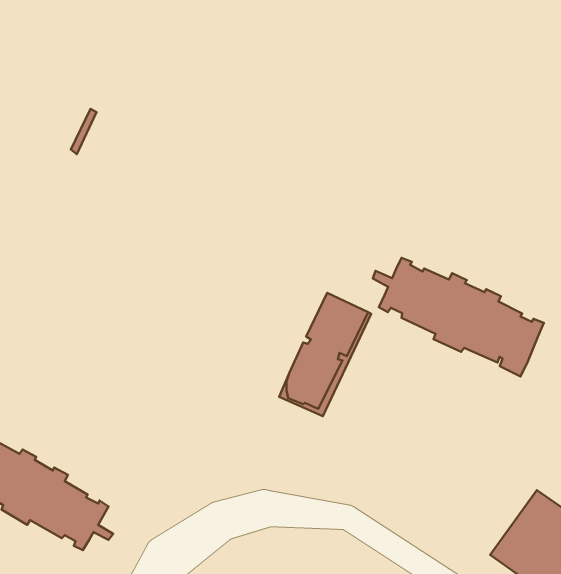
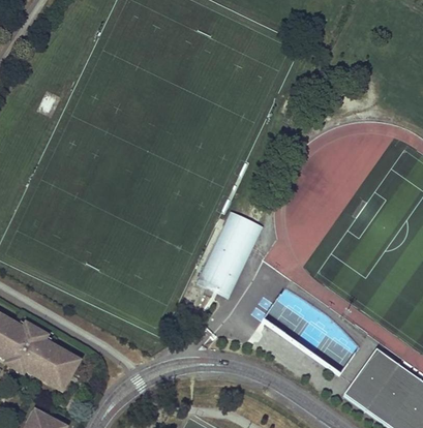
building: [373,258,544,377] -> none

